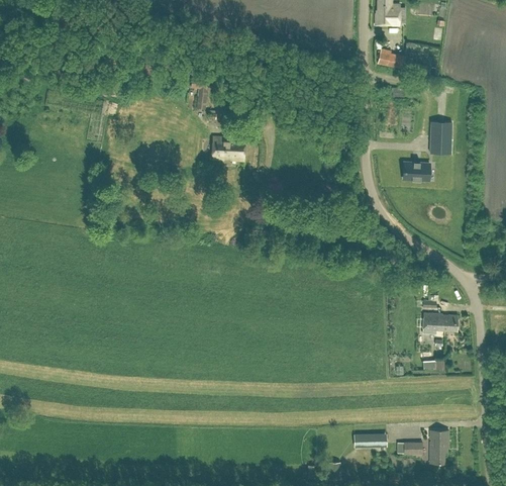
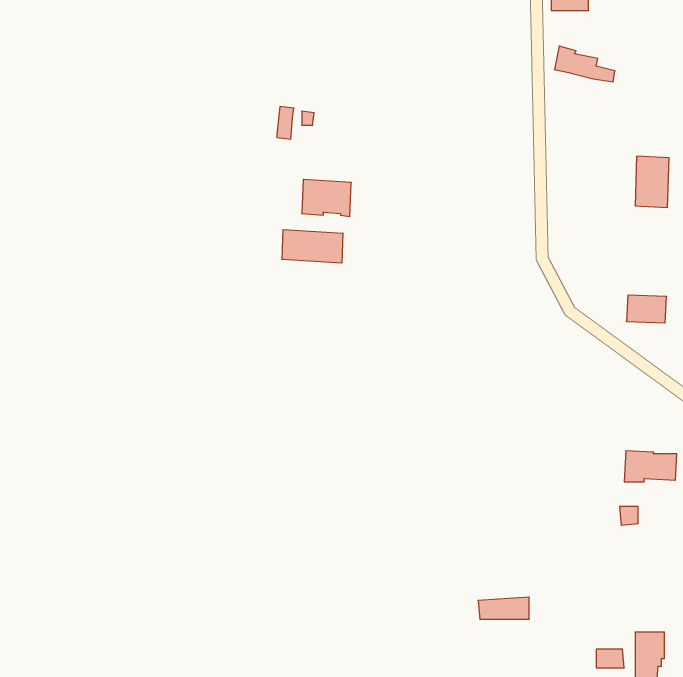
building: [403,163,429,181] -> [626,295,667,323]
building: none -> [282,230,343,263]
building: [353,432,387,447] -> [478,597,529,619]

